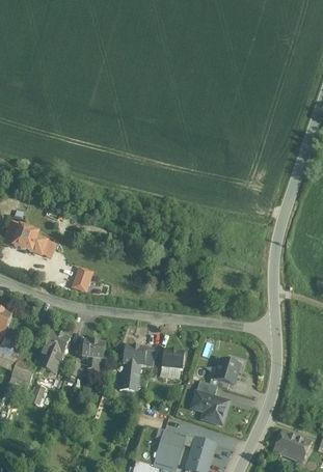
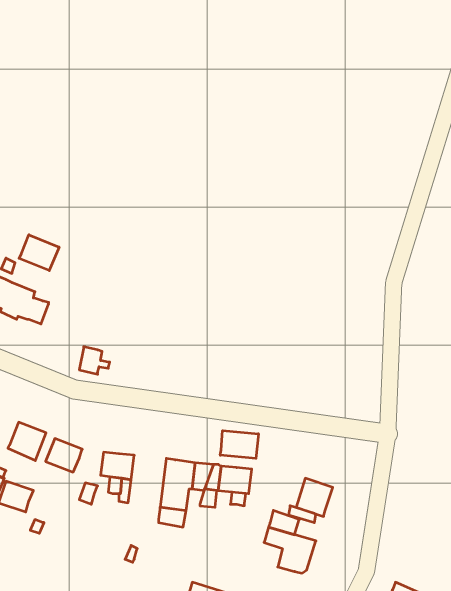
building: none -> [19,235,59,271]
building: none -> [220,431,258,458]
building: [37,346,63,372] -> [8,422,46,461]

